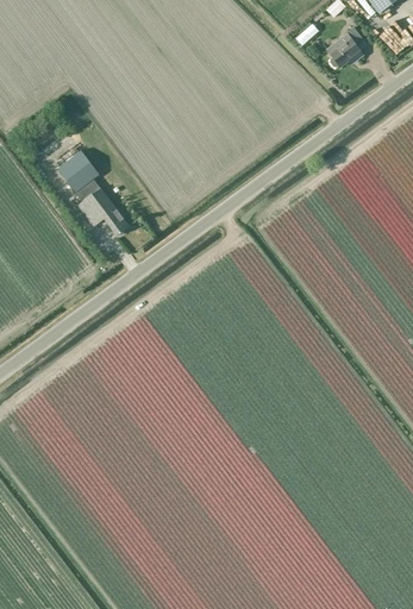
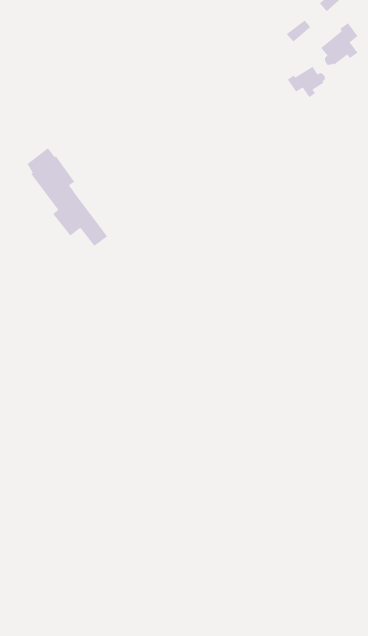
building: none -> [287,66,326,98]

